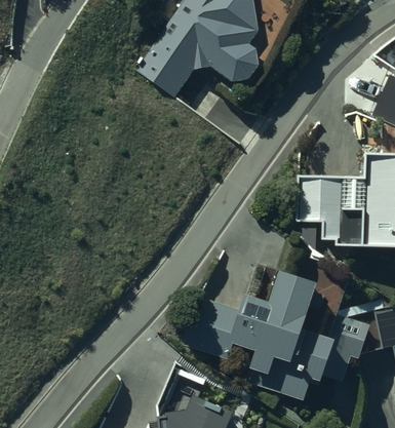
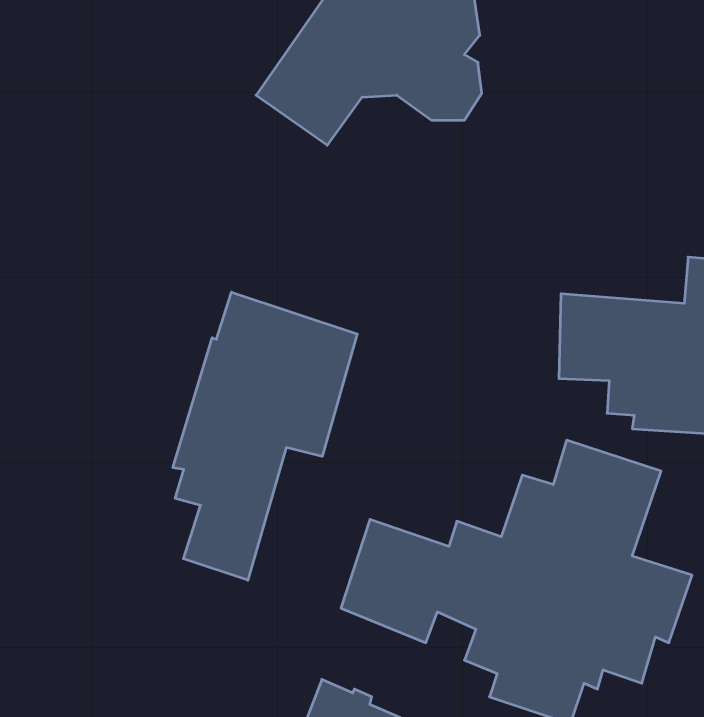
building: none -> [173,292,357,580]

